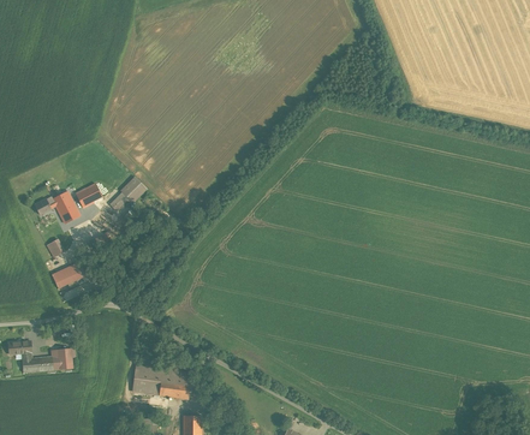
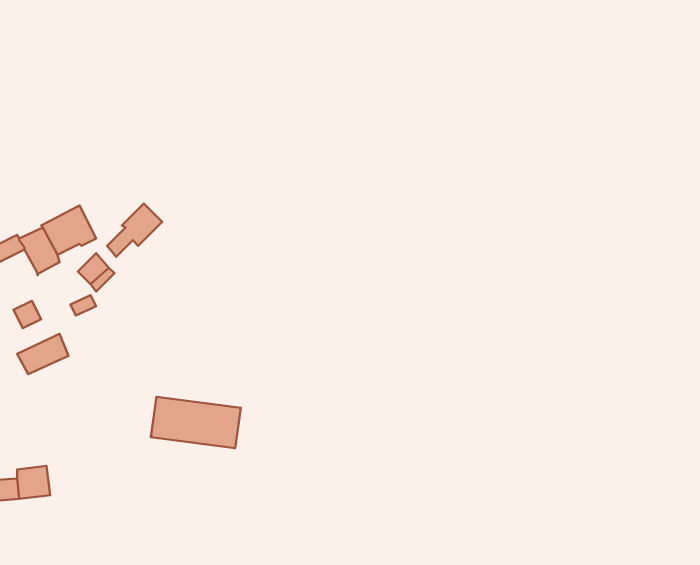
building: [132,365,191,399] -> [151,397,241,448]

